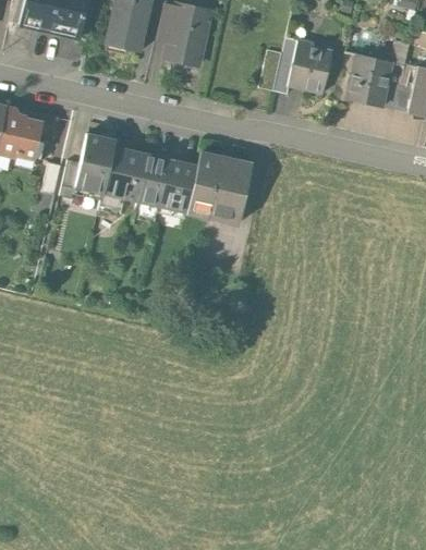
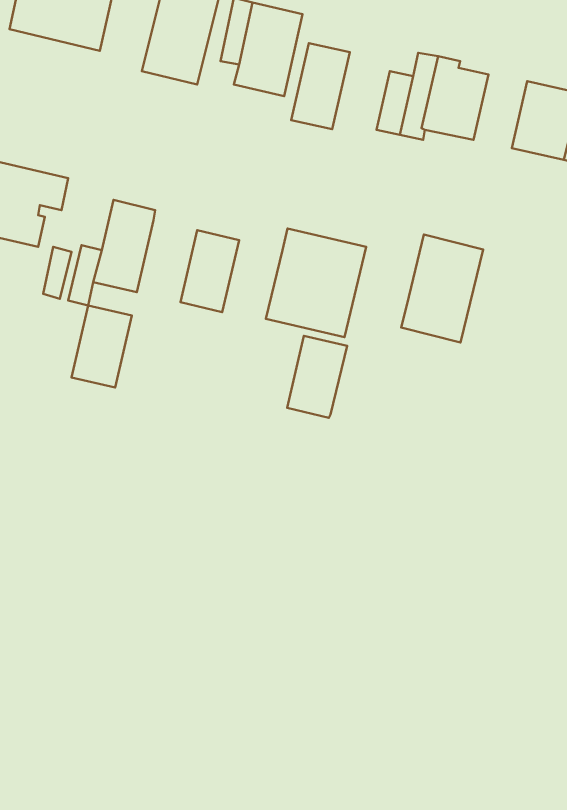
building: none -> [291,43,350,129]
building: [102,146,142,199] -> [72,305,132,387]
building: none -> [401,235,483,342]
building: [158,159,197,212] -> [287,336,347,418]

